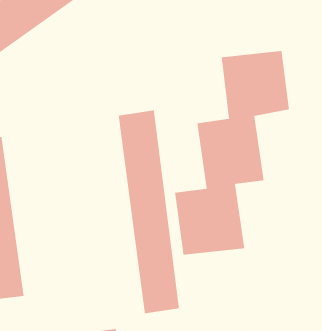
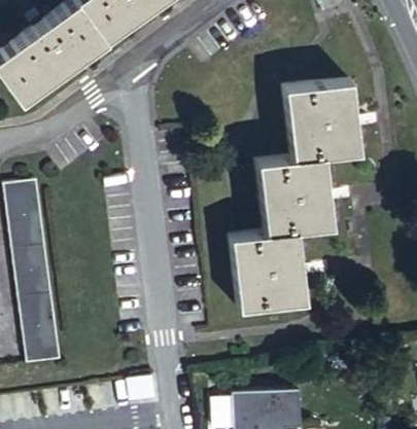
building: [118,110,180,314] -> none

